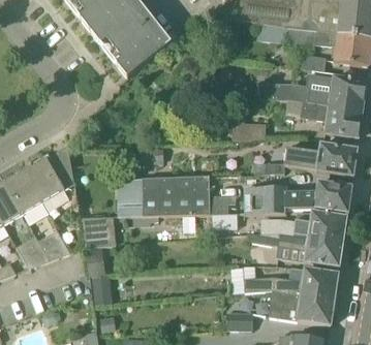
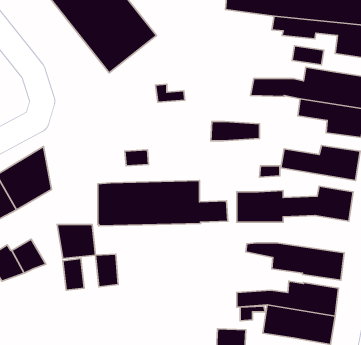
building: [261,212,347,243] -> none
building: [92,276,113,306] -> [96,254,118,287]

